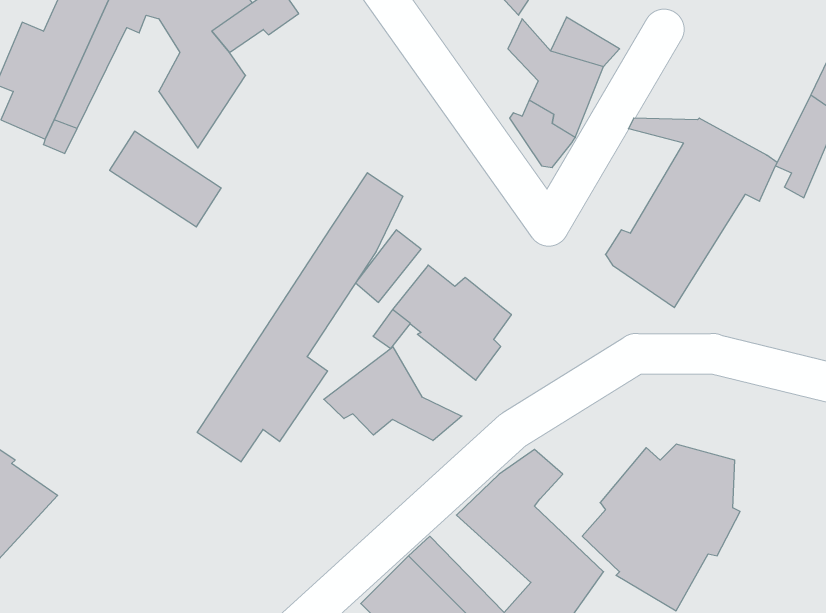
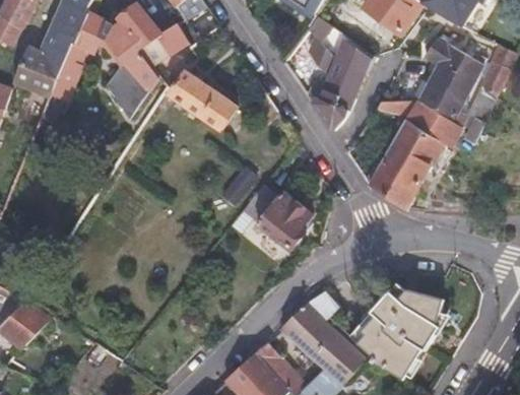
building: none -> [417,38,483,121]
building: [110,131,221,227] -> [172,71,236,126]
building: [197,173,403,462] -> none
building: [324,347,462,441] -> none

